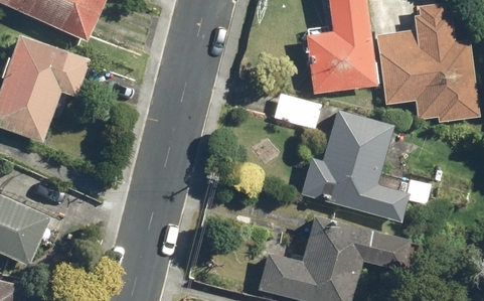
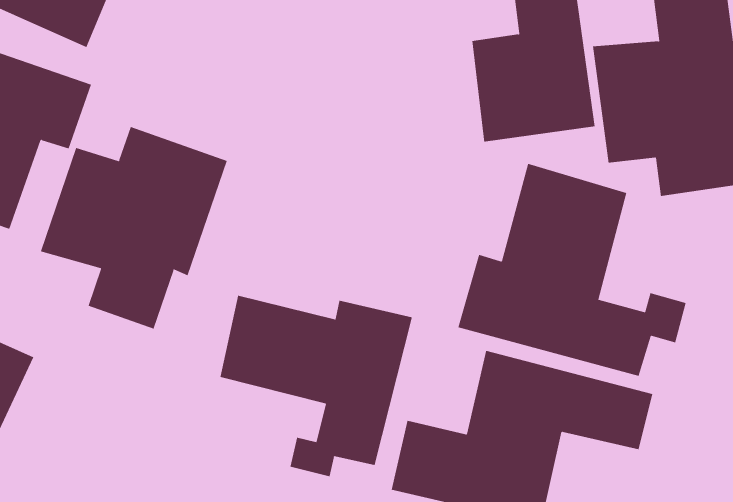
building: none -> [40,126,228,329]
building: none -> [220,295,412,477]

